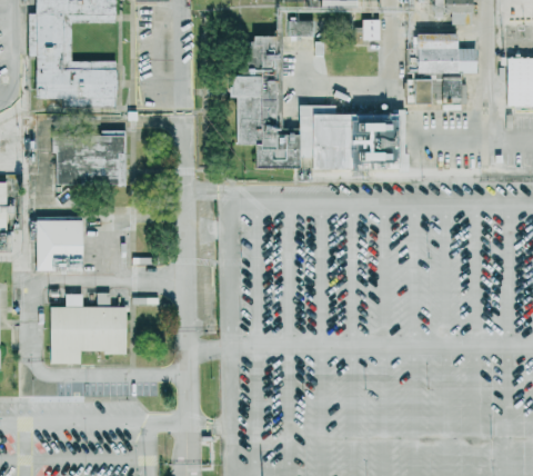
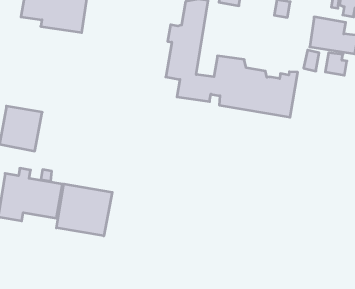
building: [54,131,127,186] -> none
building: none -> [56,184,112,236]

